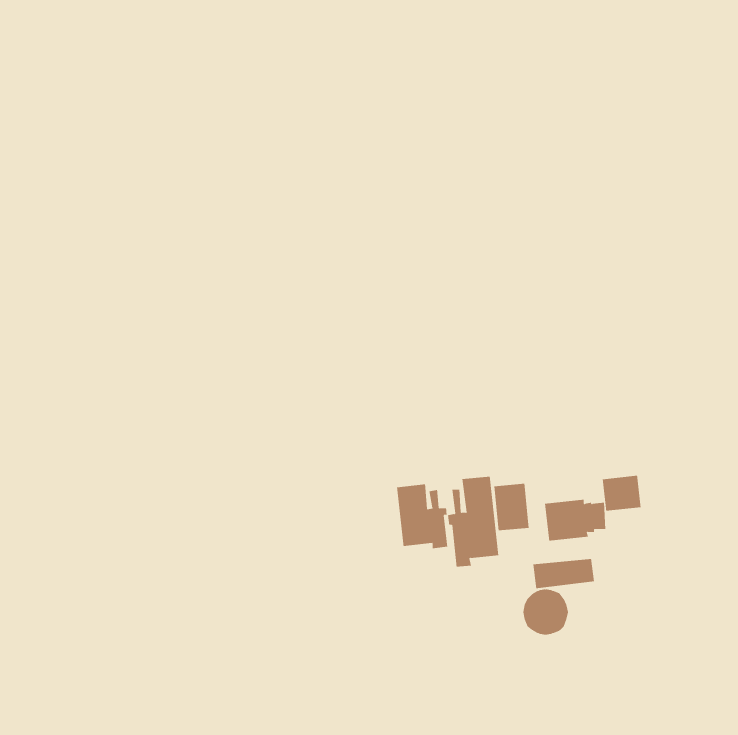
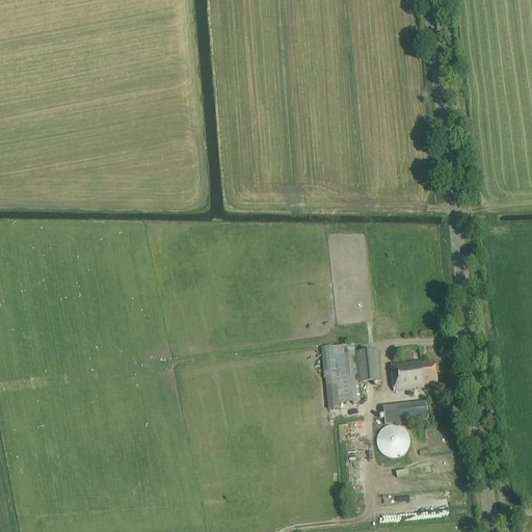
building: [602,475,641,512] -> none
building: [396,484,448,549] -> none

